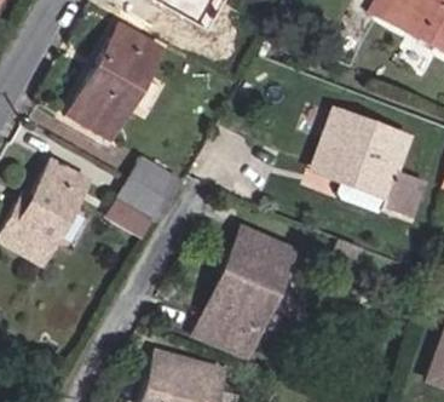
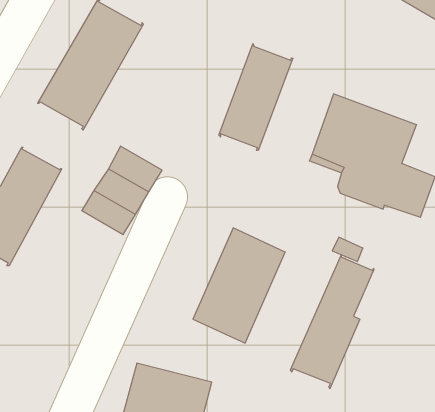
building: none -> [219,44,293,150]
building: none -> [291,255,374,389]
building: [196,311,254,356] -> none

